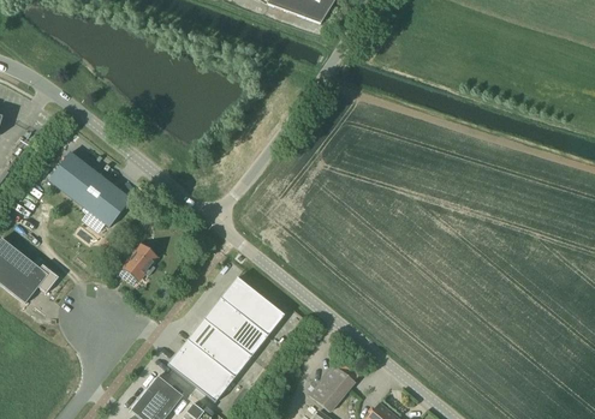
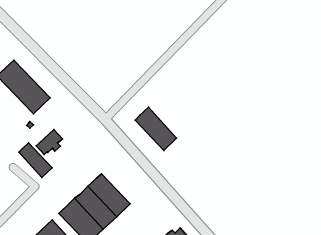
building: none -> [19,143,52,177]
building: [219,276,282,335] -> [135,107,177,150]

